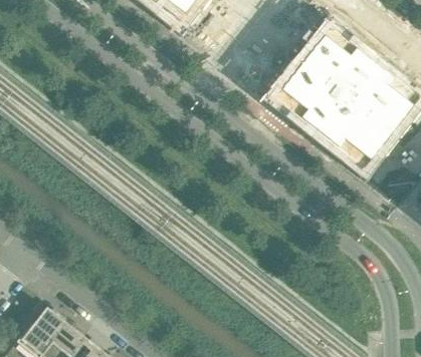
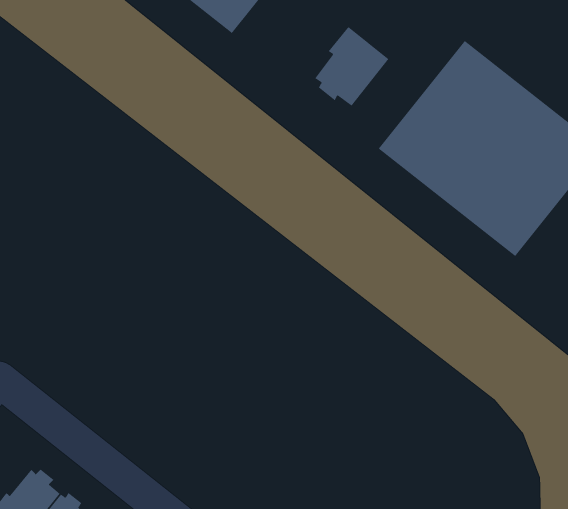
building: none -> [314,26,389,107]

